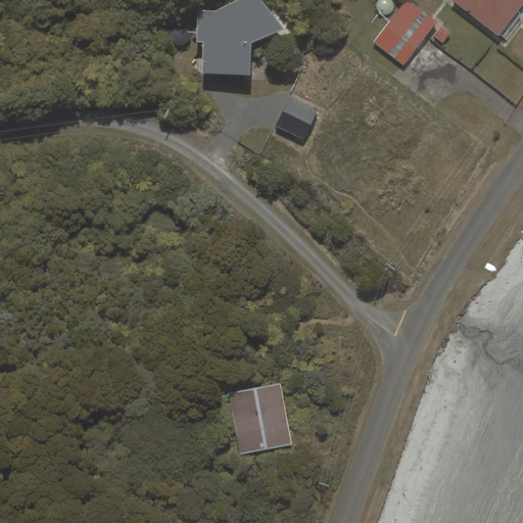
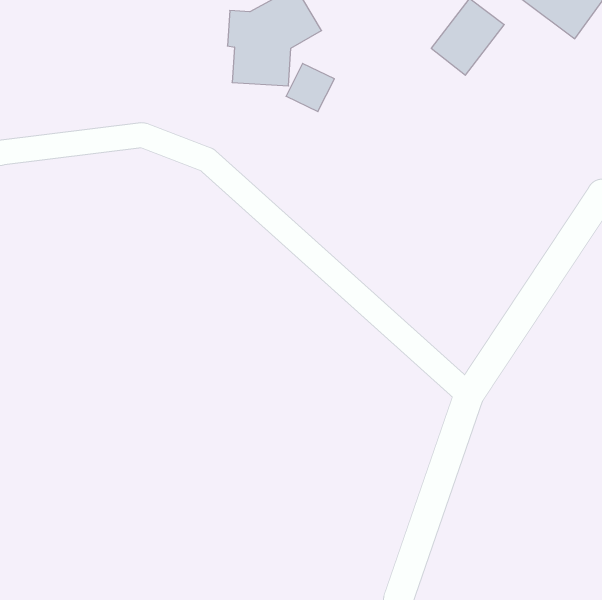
building: [276,96,318,138] -> [286,63,334,112]
building: [229,383,291,454] -> none

